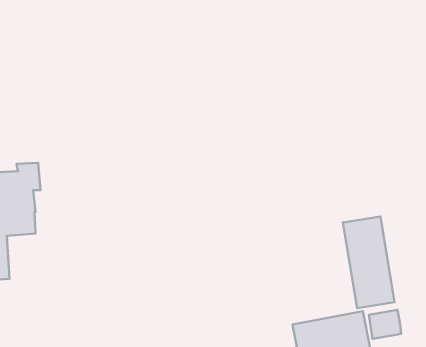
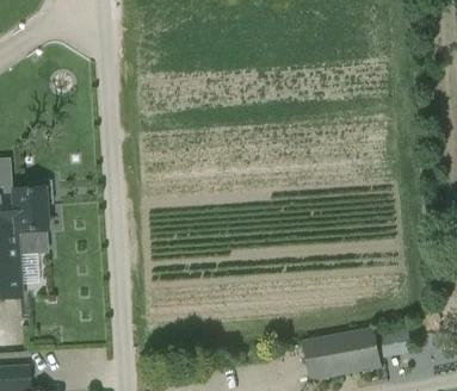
building: [343,217,395,308] -> none

